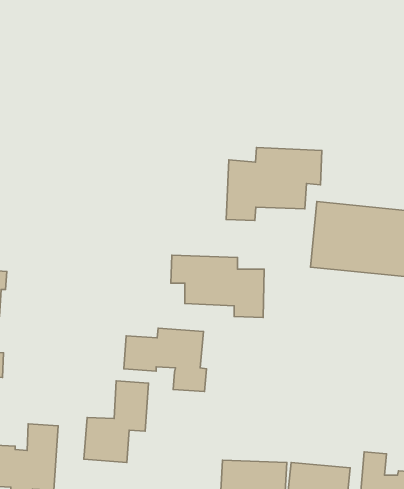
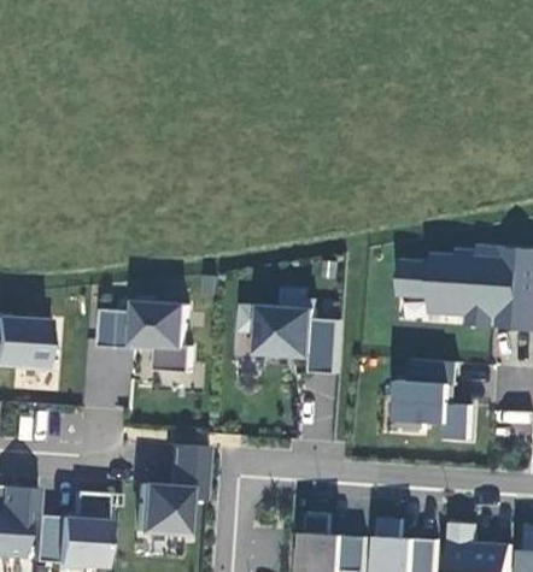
building: [226,148,322,221] -> none
building: none -> [387,358,479,442]
building: [124,328,207,392] -> [101,301,194,372]

